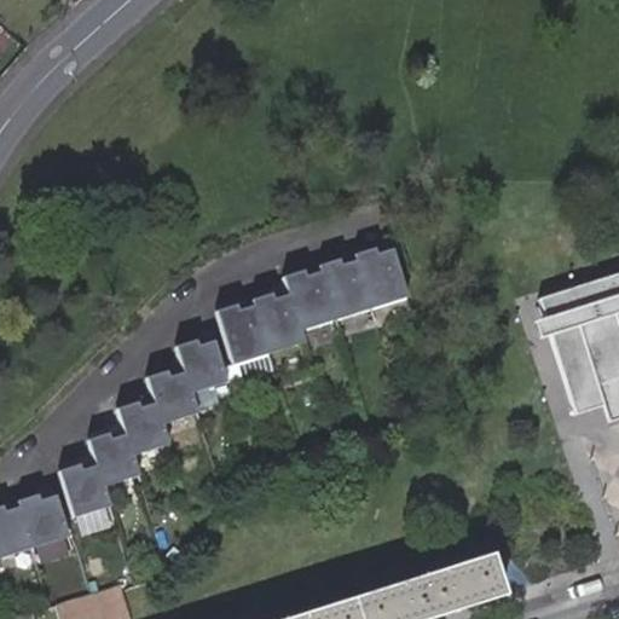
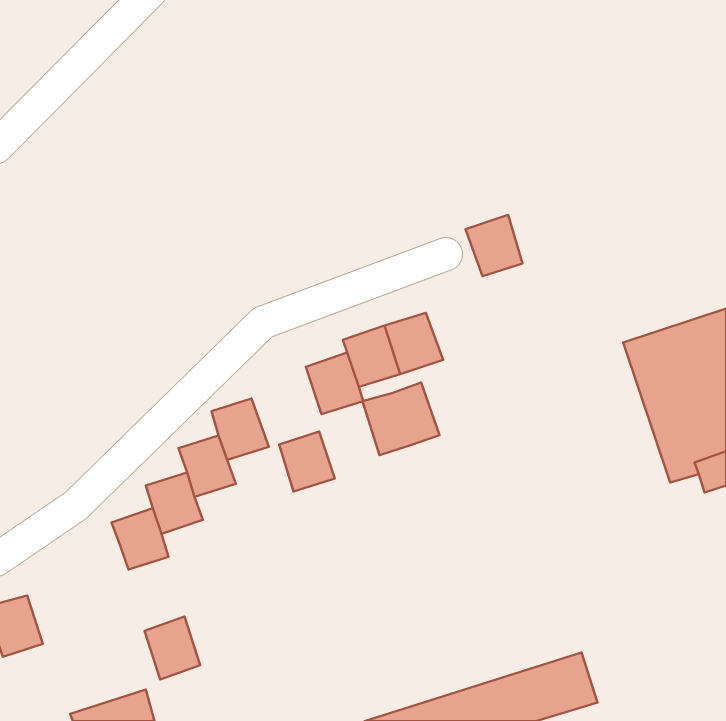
building: [360,253,409,305] -> [465,215,523,276]
building: [225,311,272,361] -> [279,431,335,491]
building: none -> [363,382,439,455]
building: [68,462,115,515] -> [144,617,200,679]
building: [23,493,70,545] -> none

